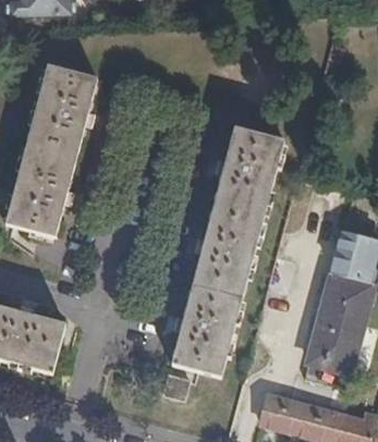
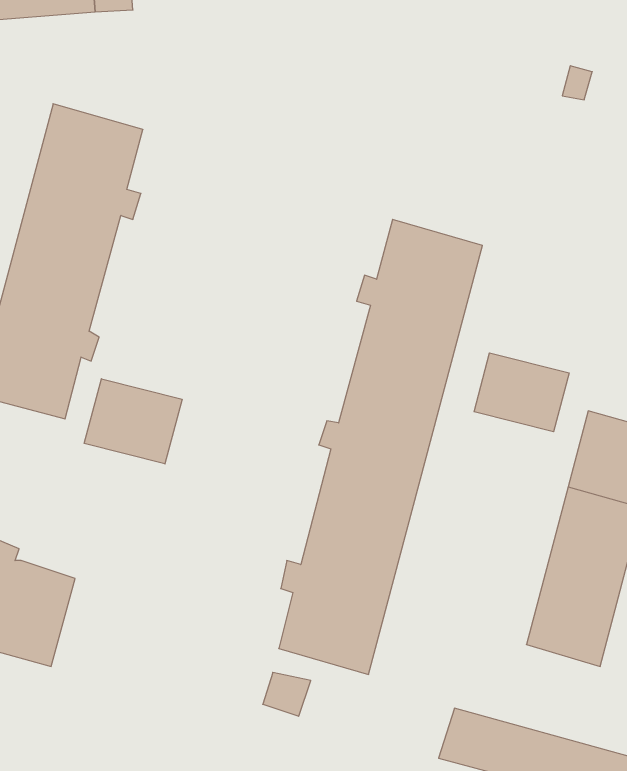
building: none -> [474,353,569,432]
building: none -> [84,379,182,464]

